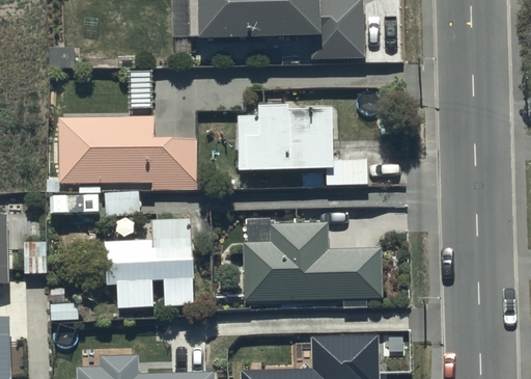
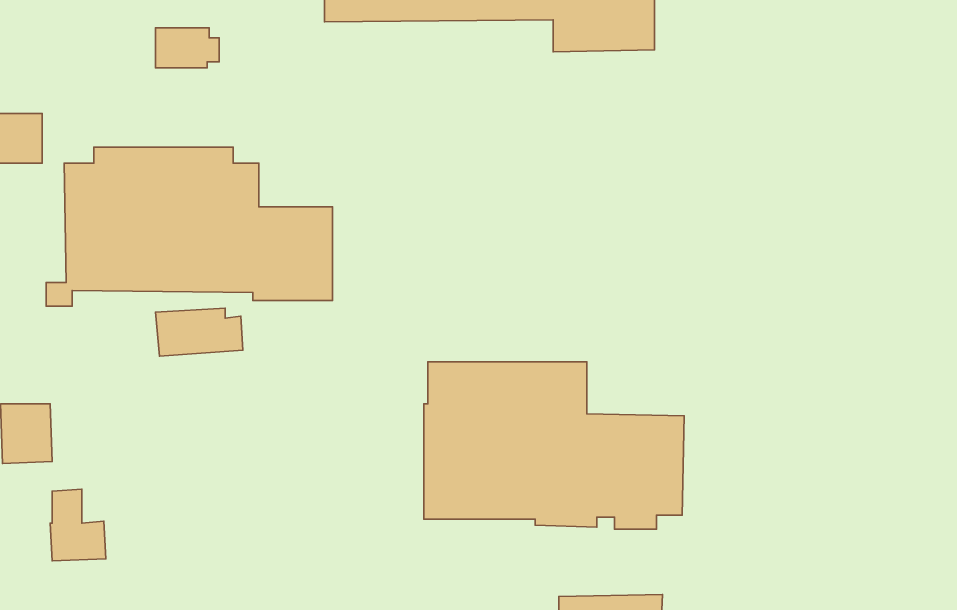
building: [237,105,370,184] -> none
building: [103,219,191,307] -> none

